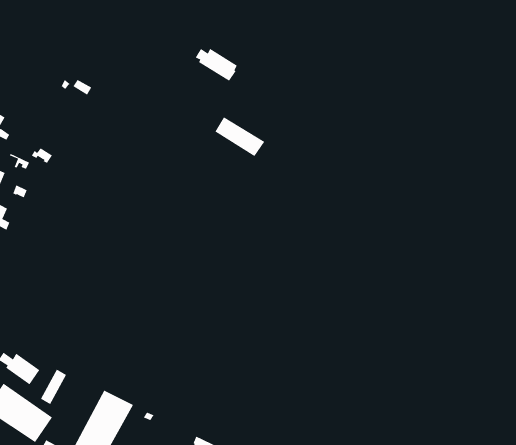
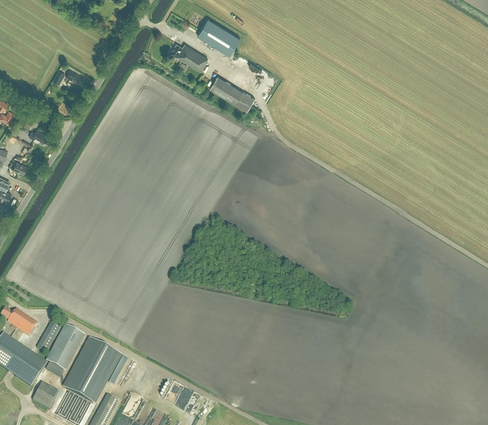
building: none -> [198,18,240,55]
building: [214,117,265,157] -> [210,75,255,110]
building: none -> [46,325,85,371]

